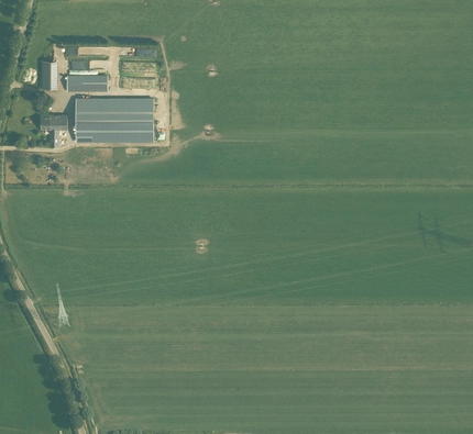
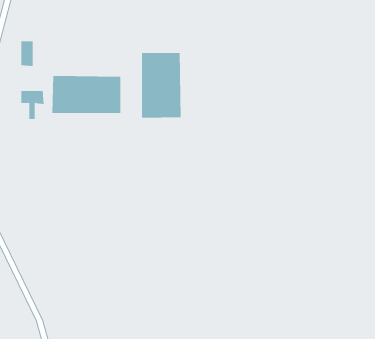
building: none -> [142,52,181,119]
building: [66,75,107,91] -> none

